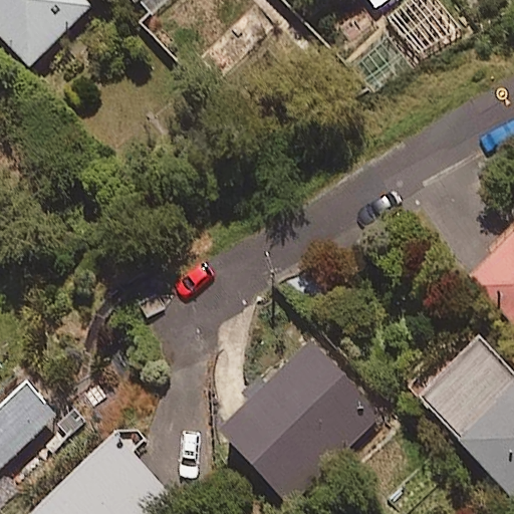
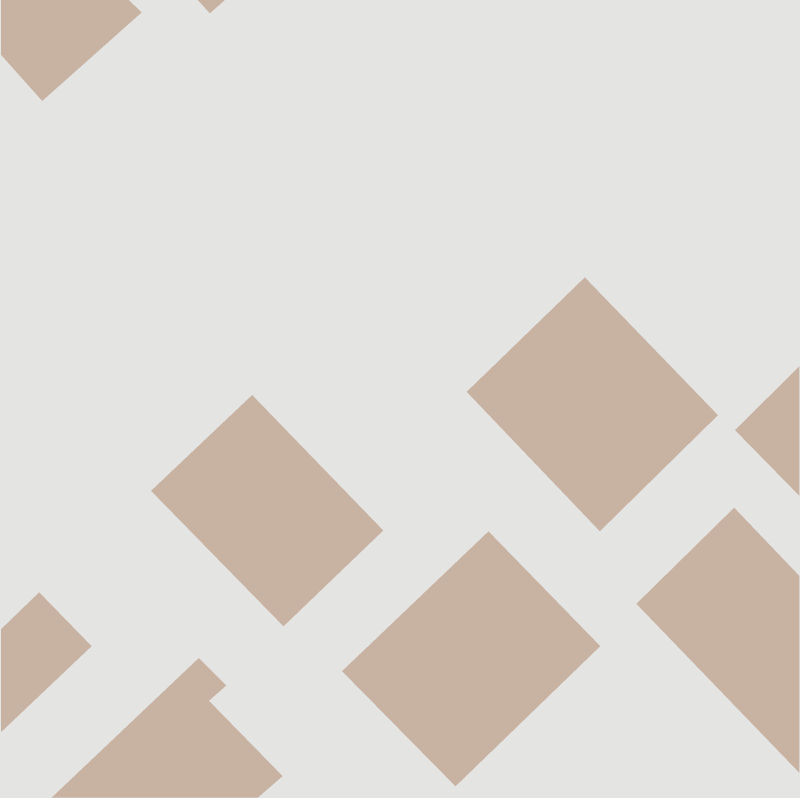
building: none -> [466,276,719,532]
building: none -> [150,394,384,627]

